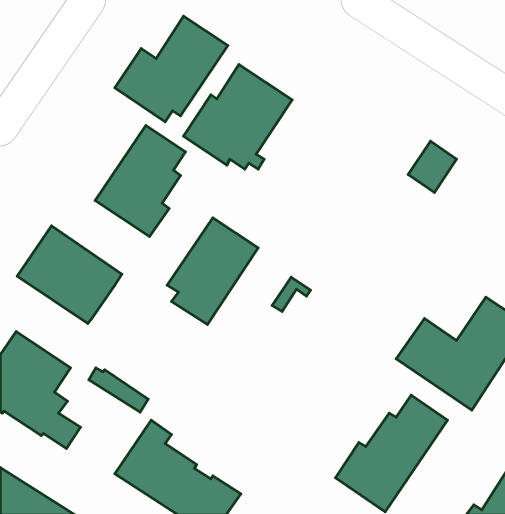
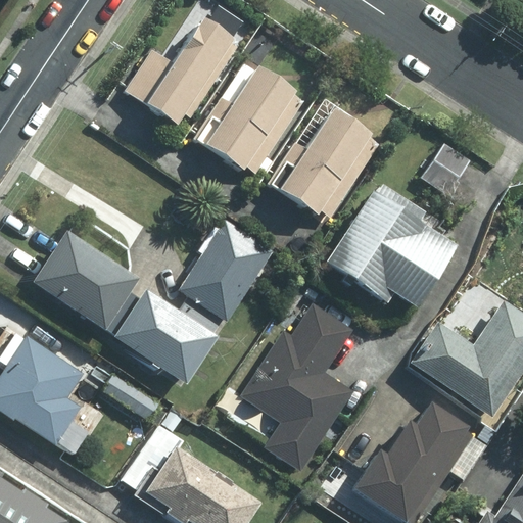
building: none -> [270,108,367,212]
building: [95,125,186,237] -> none
building: none -> [323,189,457,307]
building: none -> [103,290,221,384]
building: none -> [242,304,354,471]

